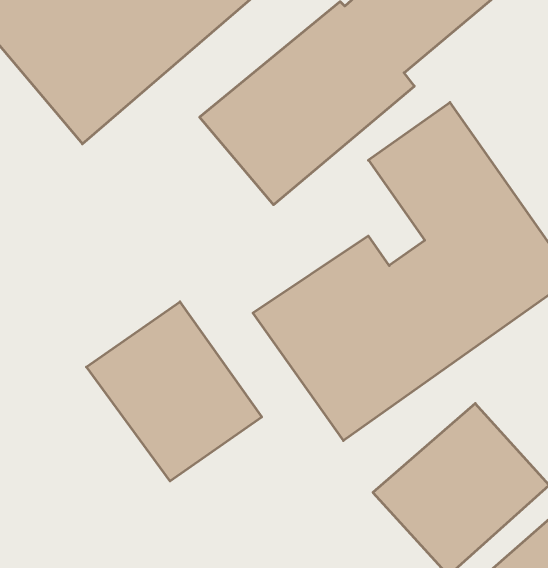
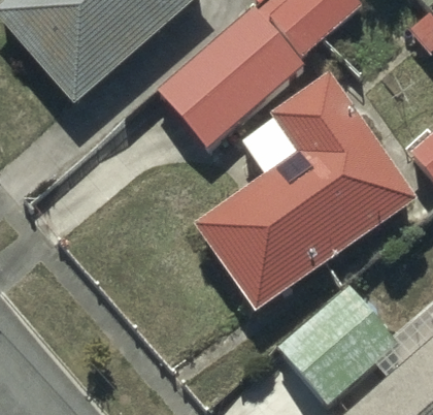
building: [86,302,262,481] -> none

